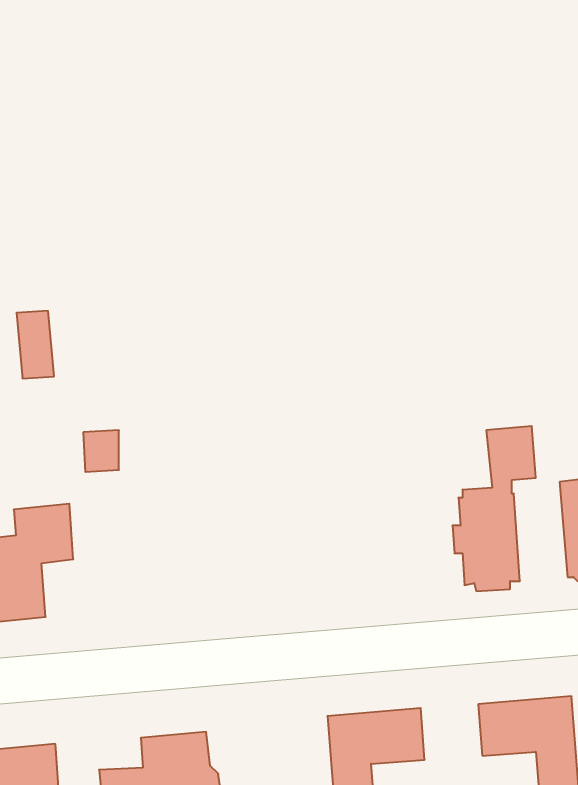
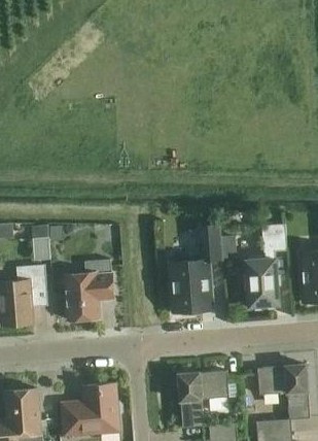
building: [16,311,54,378] -> [31,225,50,260]
building: none -> [170,226,221,314]
building: none -> [65,259,113,320]

